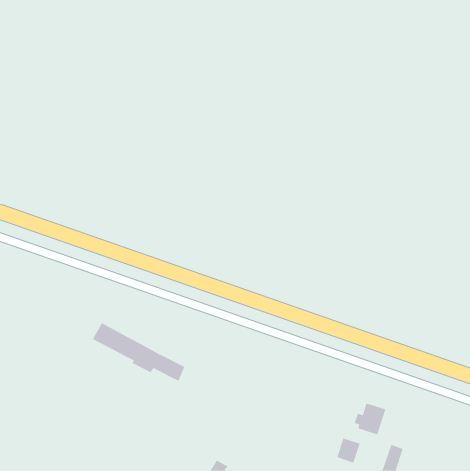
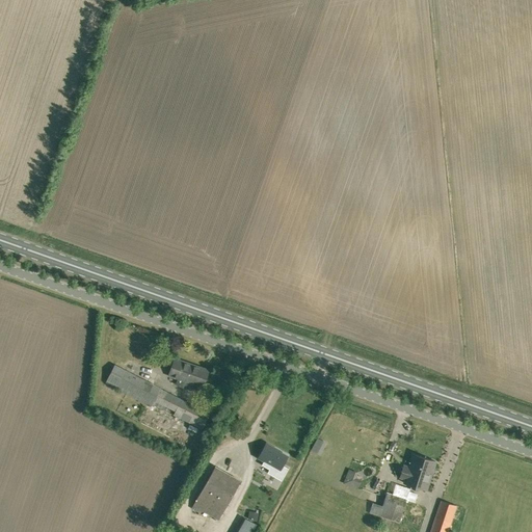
building: none -> [168,360,206,387]
building: none -> [258,444,287,471]
building: none -> [192,467,240,520]

